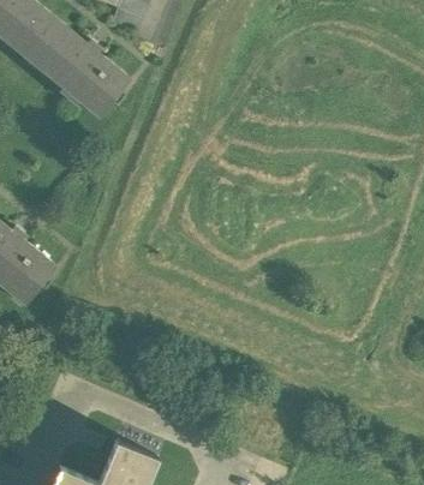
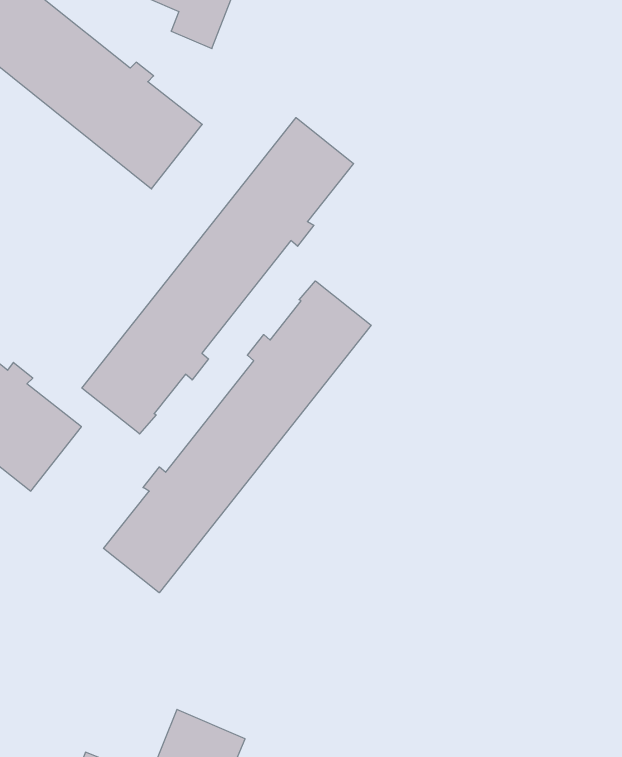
building: none -> [82,118,354,434]
building: none -> [104,281,371,593]

